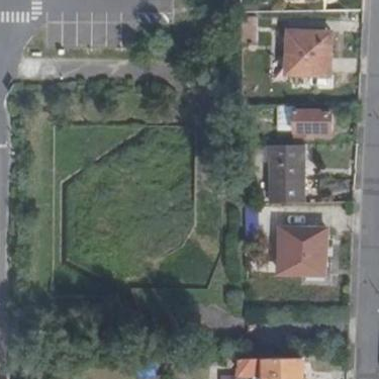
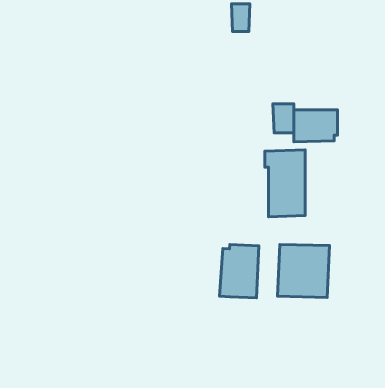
building: [285,31,329,76] -> none
building: none -> [219,245,259,298]

